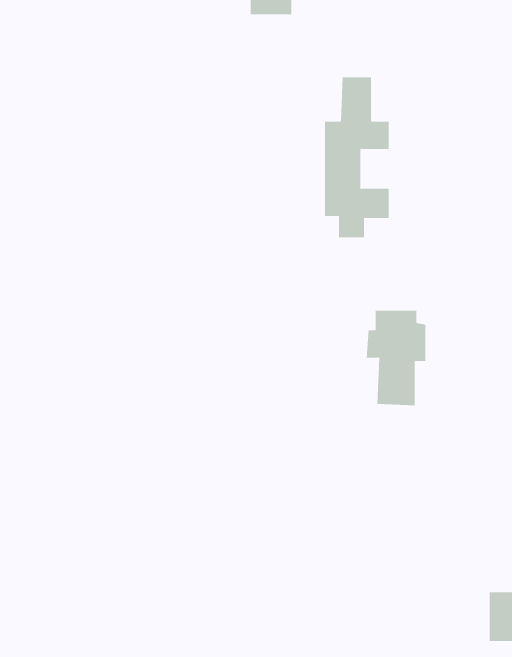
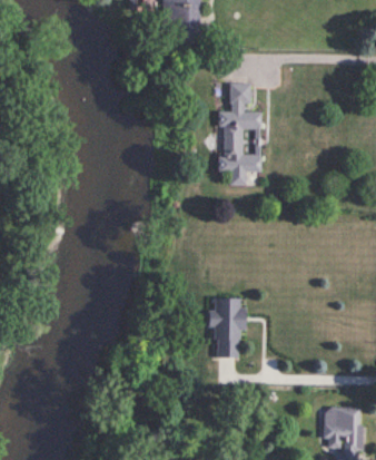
building: [366,310,426,406] -> [207,298,245,359]

